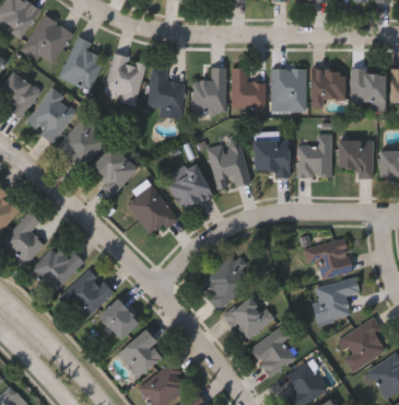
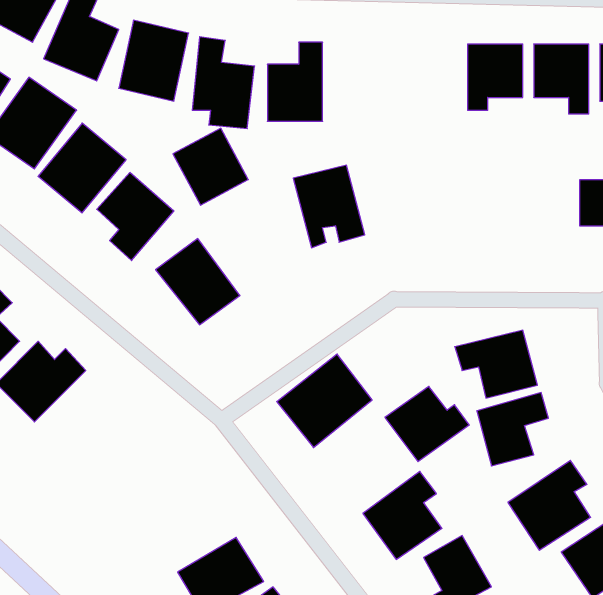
building: [232,68,265,108] -> none
building: [272,69,306,112] -> none
building: [298,135,332,176] -> none
building: [254,140,289,178] -> none
building: [338,140,373,178] -> none
building: [167,165,212,211] -> [173,128,248,205]
building: [61,269,113,321] -> none
building: [224,297,274,342] -> [385,386,469,462]
building: [97,299,139,340] -> none
building: [117,329,162,379] -> none

